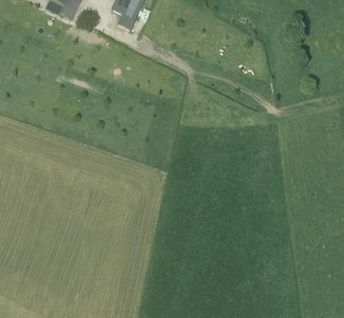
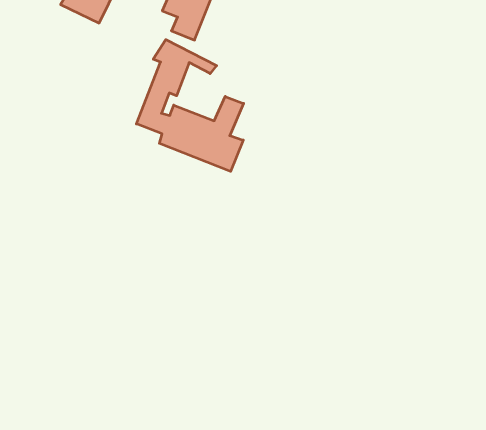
building: none -> [136,40,244,171]

